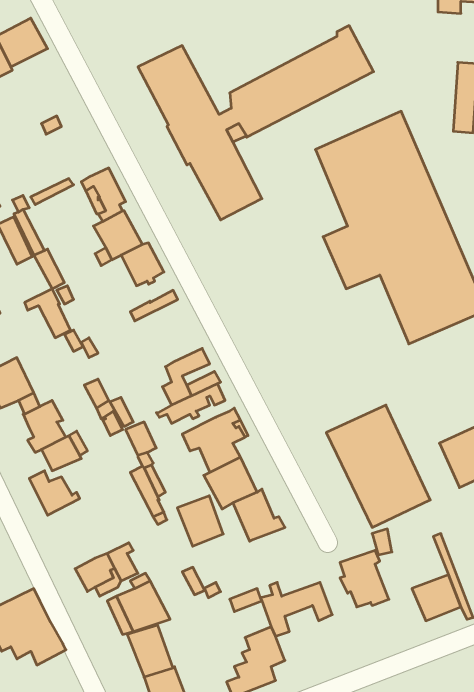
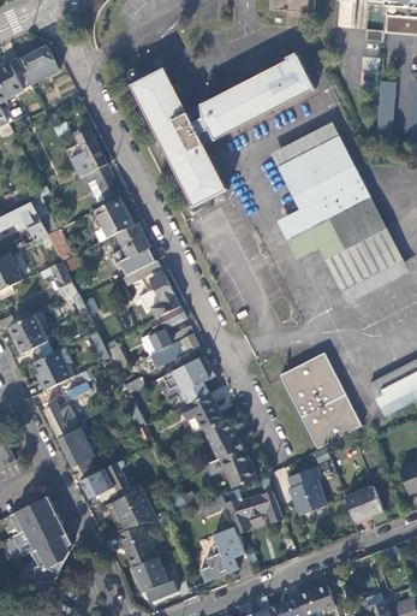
building: none -> [75,130,106,172]
building: none -> [138,272,179,318]
building: [177,496,223,546] -> [219,448,255,487]
building: none -> [58,424,95,480]

